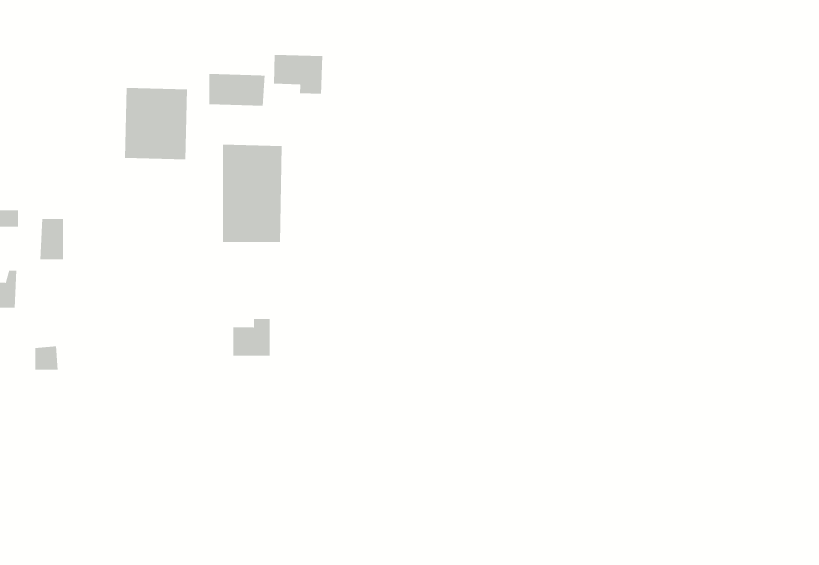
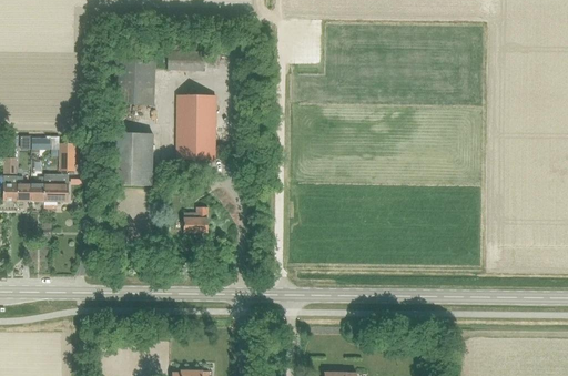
building: [273,54,323,95] -> none
building: none -> [111,133,154,186]
building: none -> [44,174,69,201]

